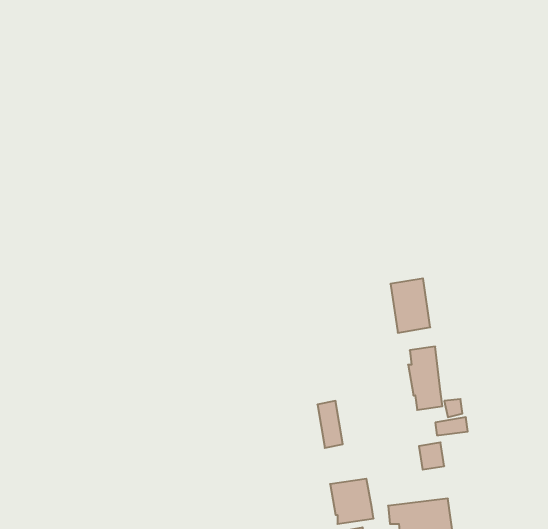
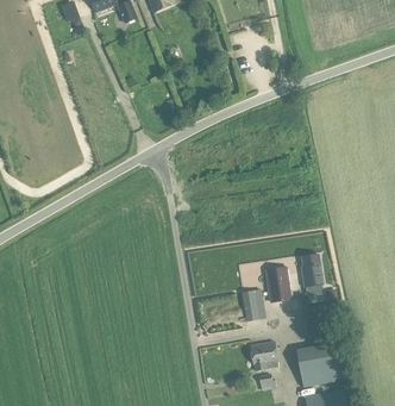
building: [390,278,430,333] -> [264,266,290,301]

